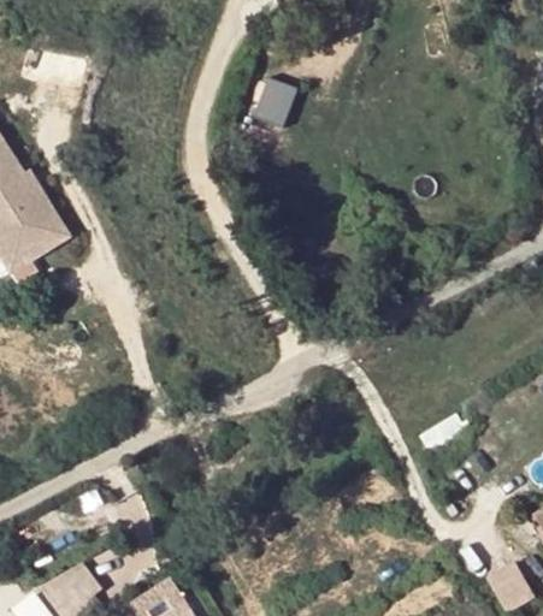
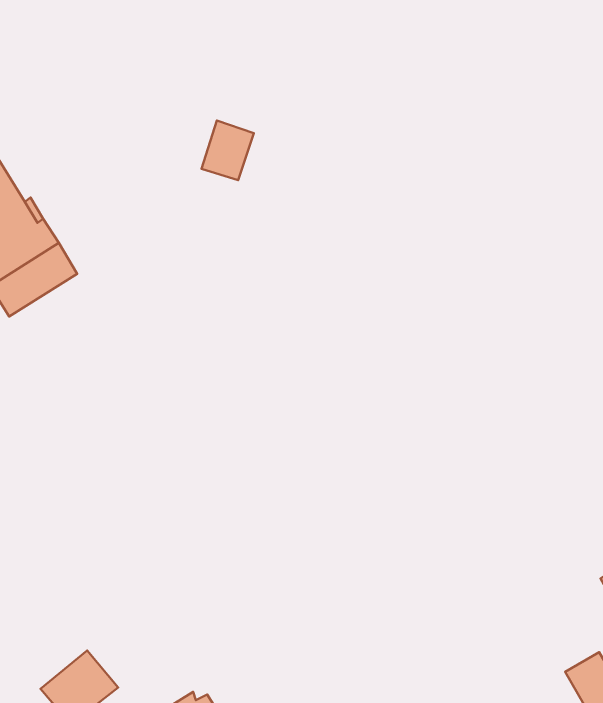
building: [254,79,299,130] -> [201,121,254,180]

